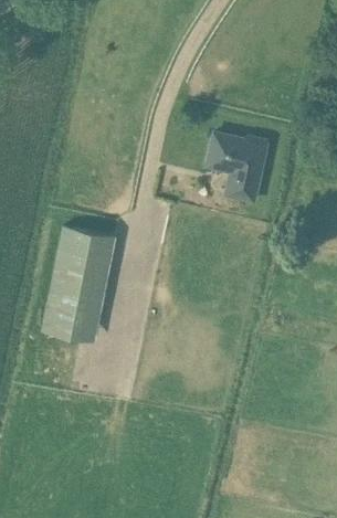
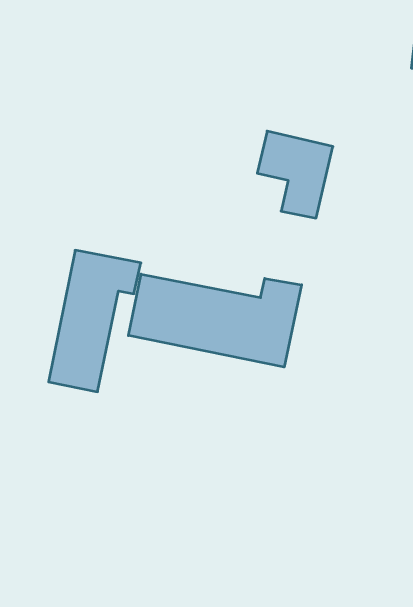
building: none -> [128,274,302,367]

